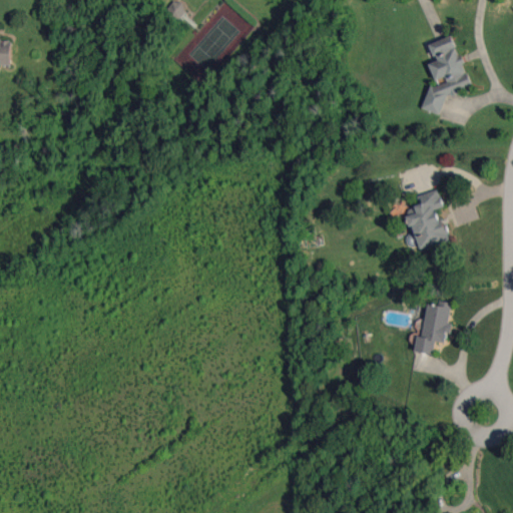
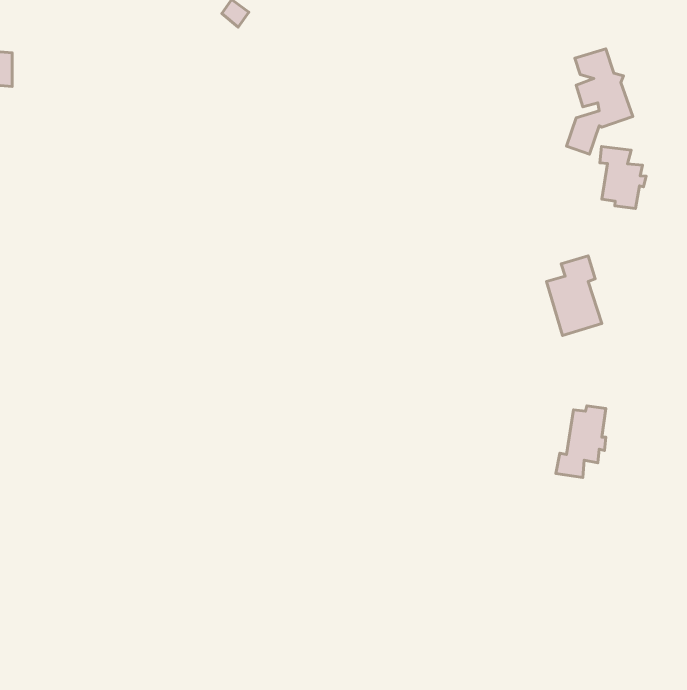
building: none -> [600,146,646,208]

